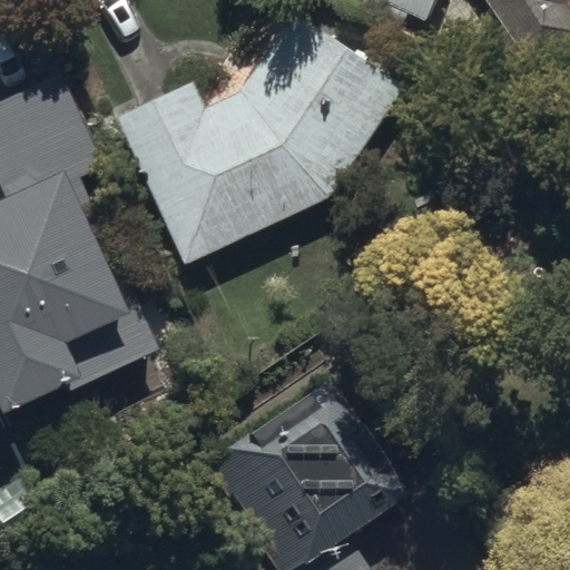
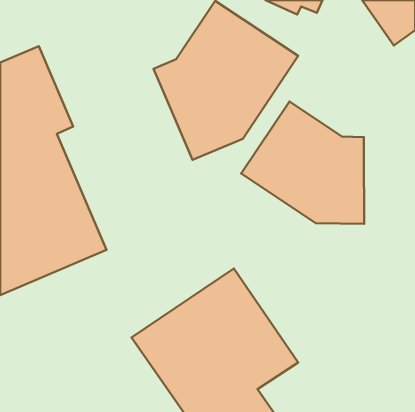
building: [102,96,261,286] -> none
building: none -> [241,102,364,224]

